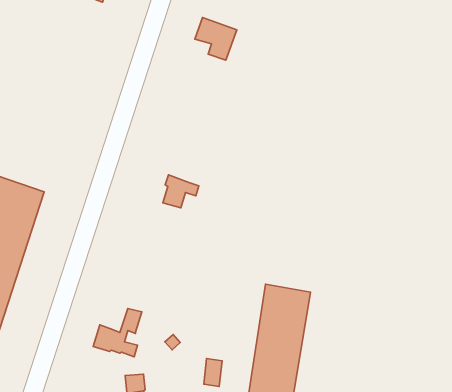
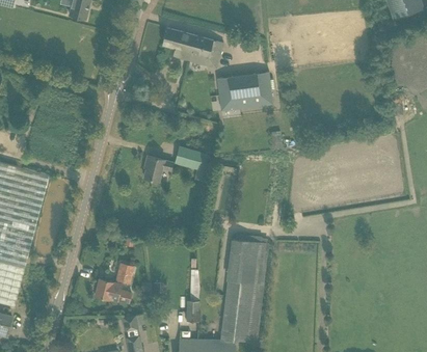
building: none -> [187,35,222,65]
building: none -> [216,72,272,110]
building: none -> [175,146,209,170]

